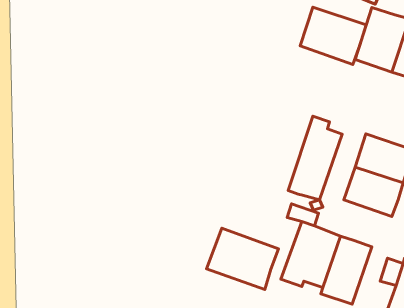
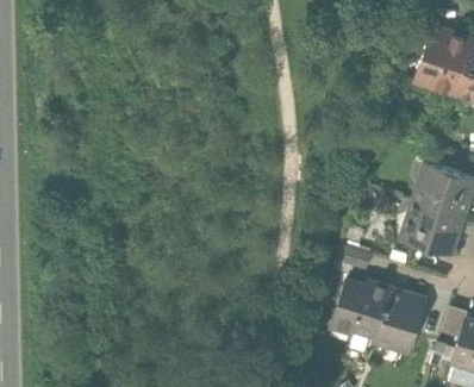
building: [300,7,366,64] -> none
building: [288,116,342,200] -> none
building: [206,228,279,289] -> none

